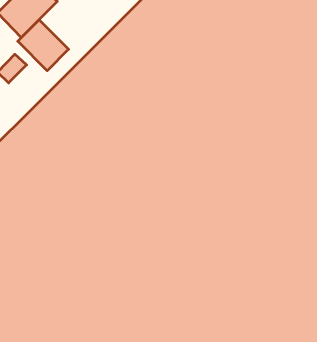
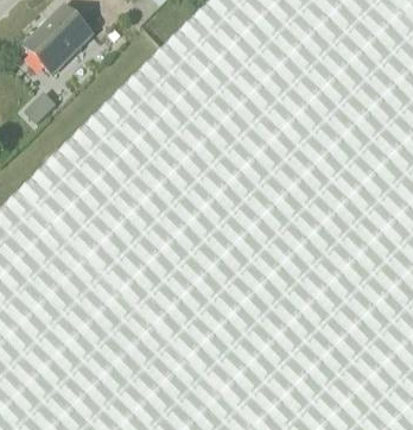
building: [18,20,69,71] -> none

